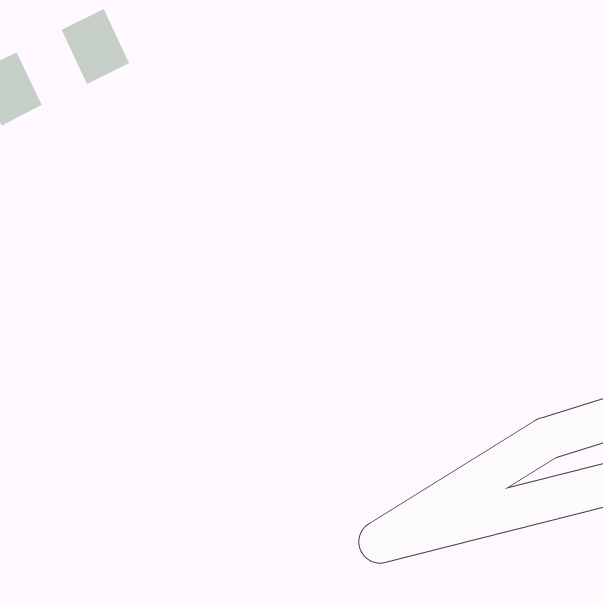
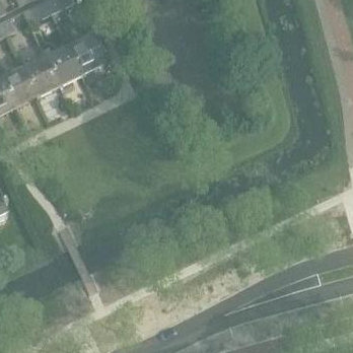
building: none -> [45,45,80,83]

